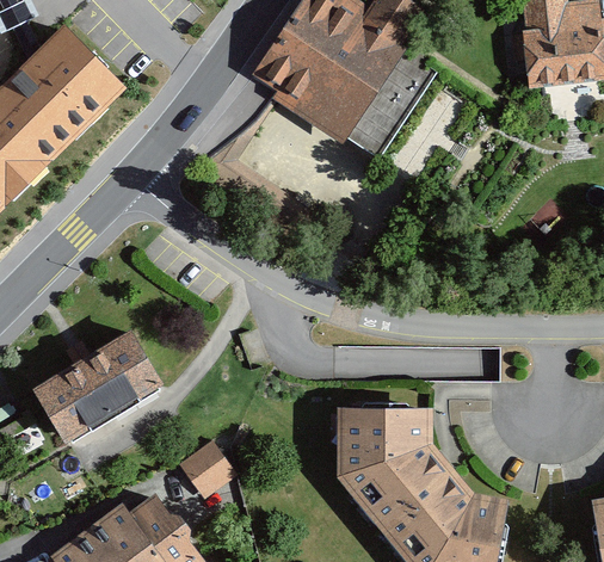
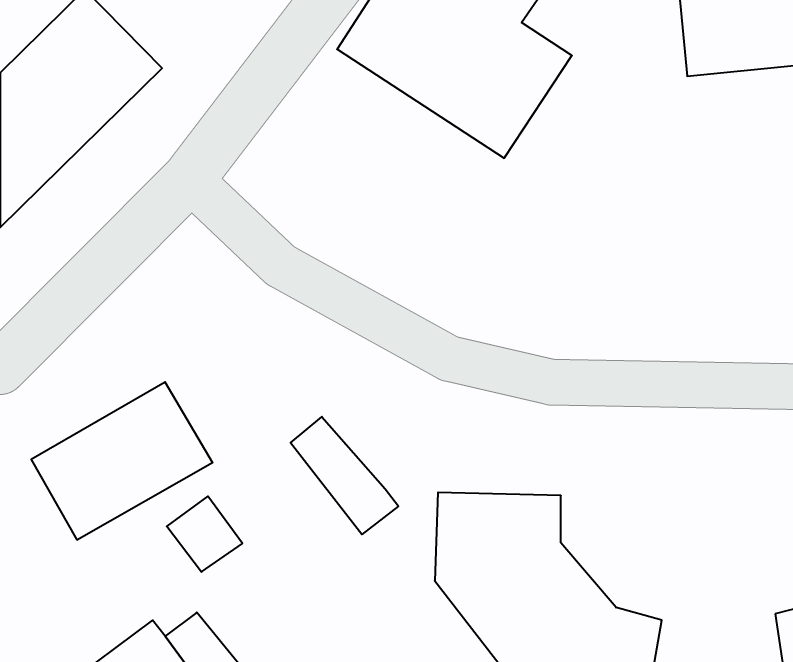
building: none -> [291,417,398,534]
building: [183,444,240,501] -> [167,496,242,572]

